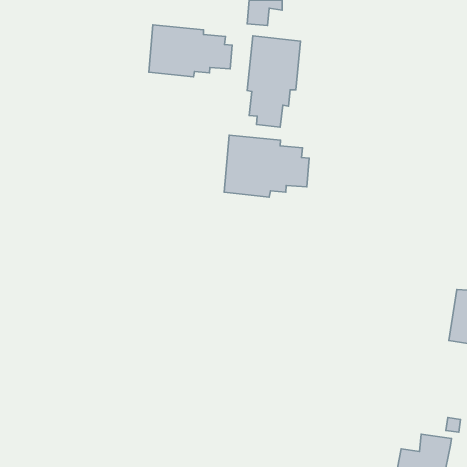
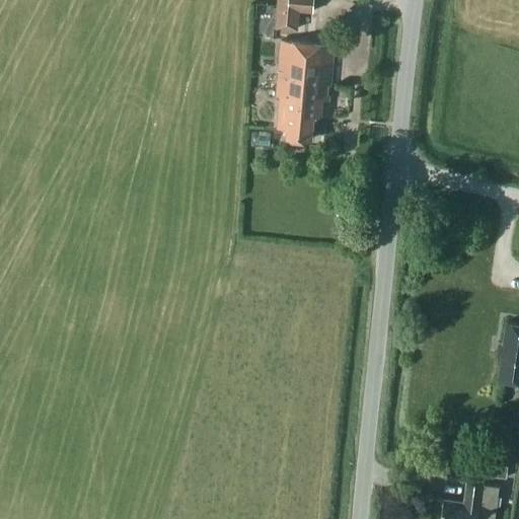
building: [149,25,232,77] -> none
building: [224,135,309,197] -> none

